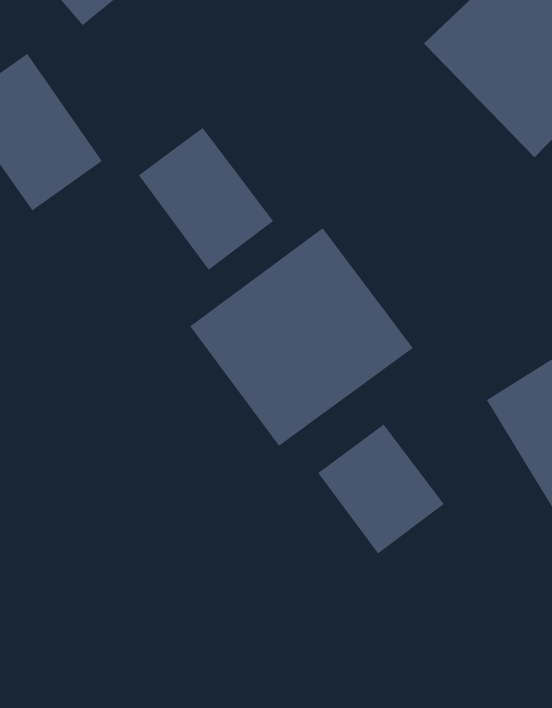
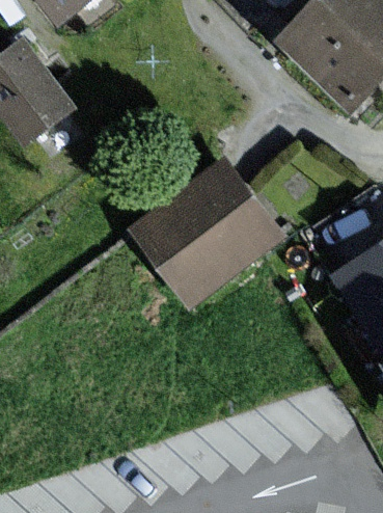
building: [138,127,274,271] -> none
building: [317,424,445,555] -> none

